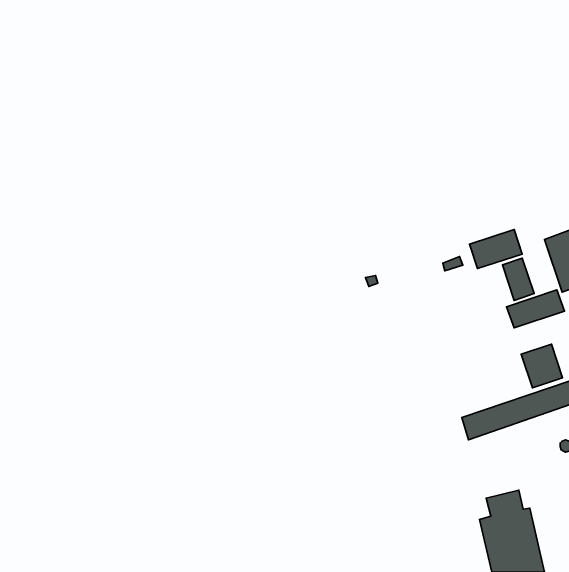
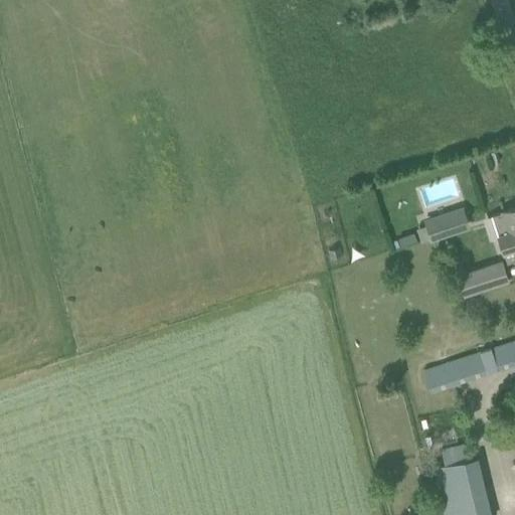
building: [502,258,534,300] -> none
building: [521,344,563,388] -> none

